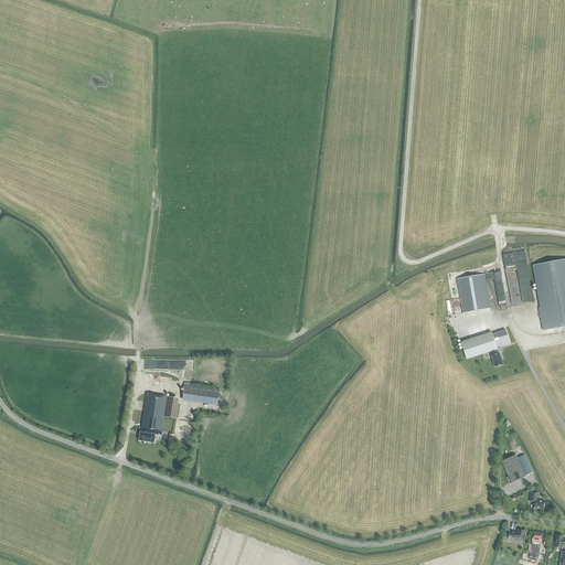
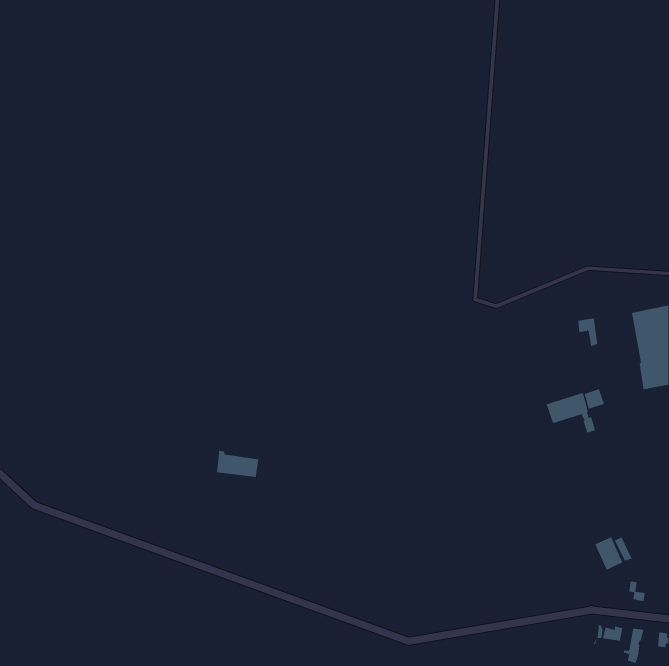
building: [457,273,490,311] -> none
building: [138,391,178,441] -> none

